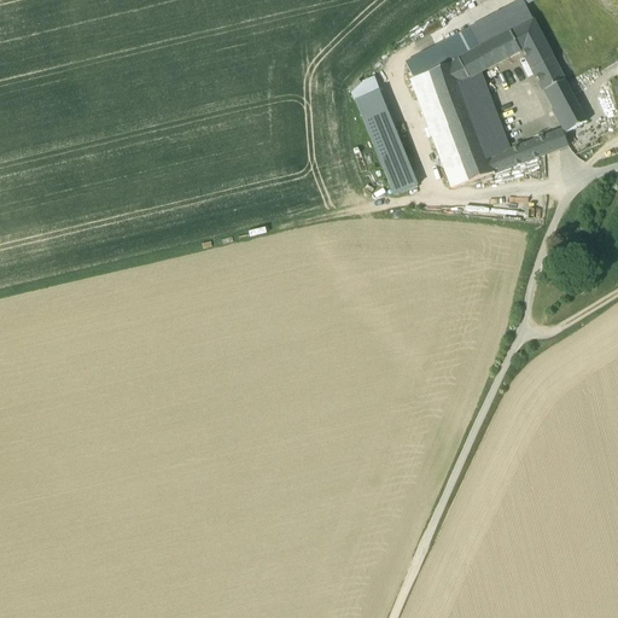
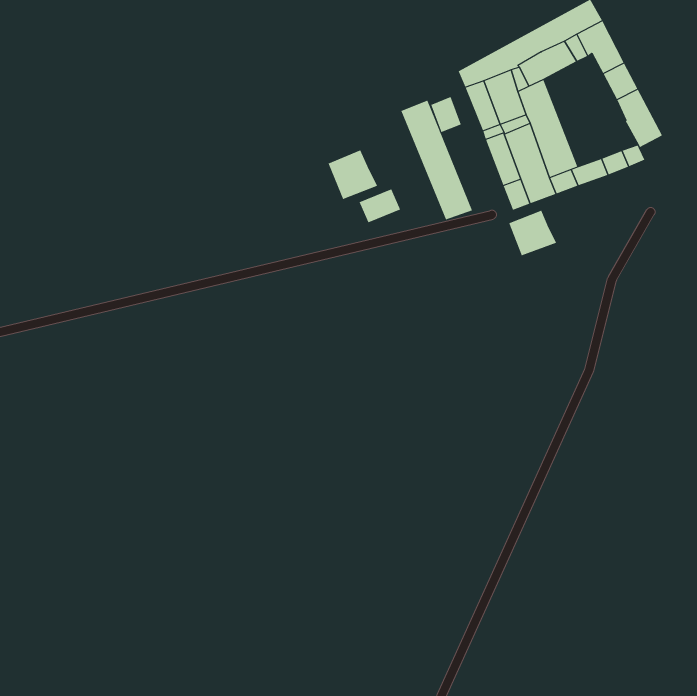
building: none -> [431,96,462,133]
building: none -> [328,150,378,200]
building: none -> [359,188,401,223]
building: none -> [508,210,557,256]

